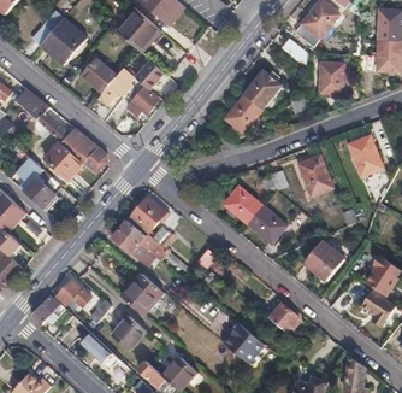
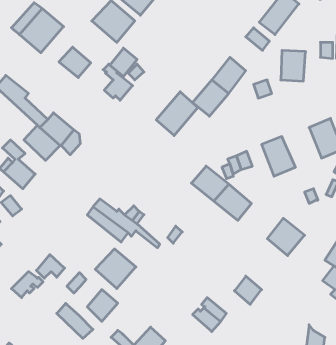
building: [97,68,135,105] -> none
building: none -> [156,92,198,136]
building: [129,195,169,233] -> none

